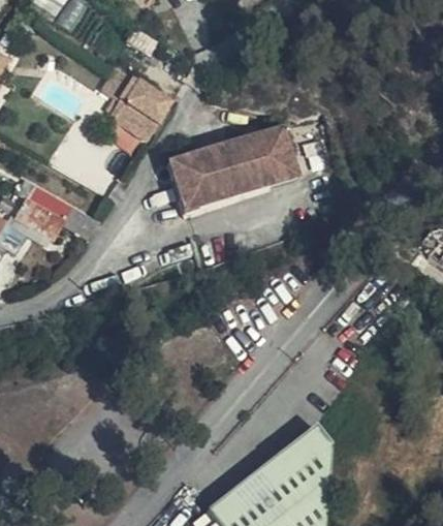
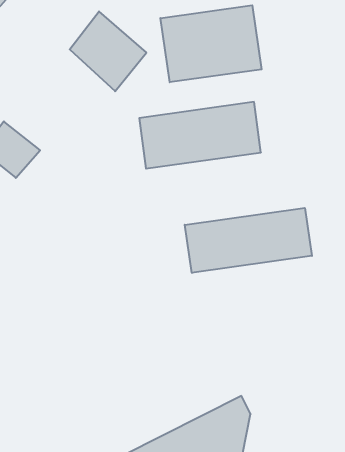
building: none -> [160,5,262,82]
building: none -> [185,208,312,273]

